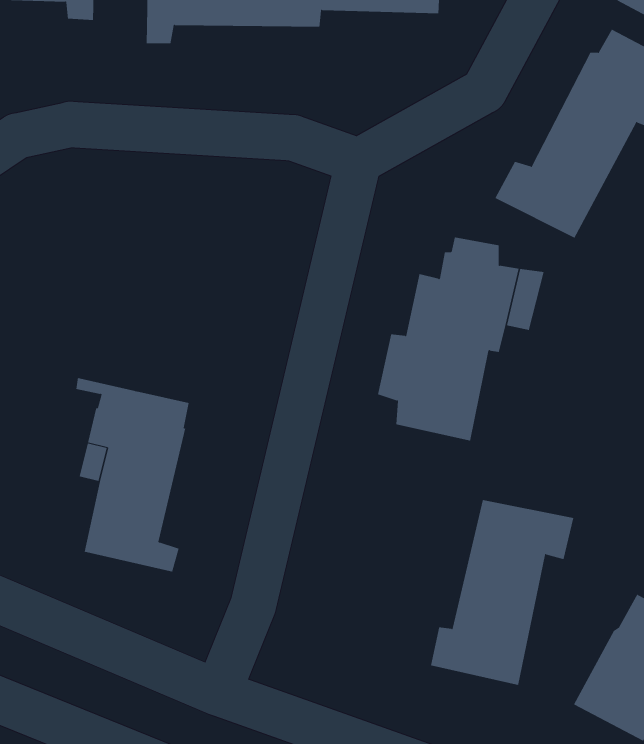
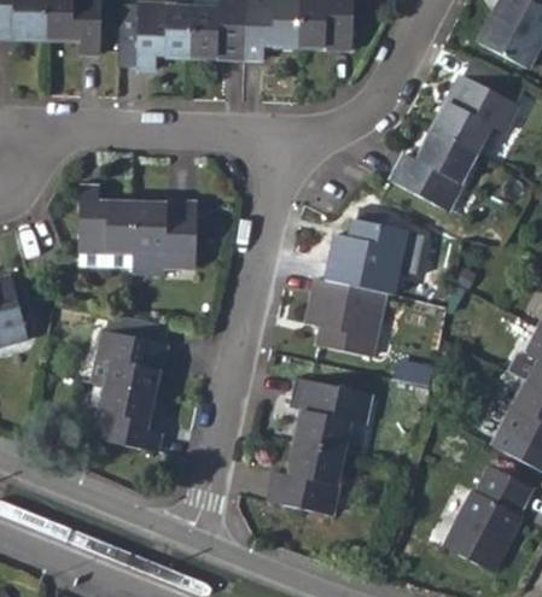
building: none -> [78,186,197,276]
building: [430,499,574,686] -> [268,381,372,515]

